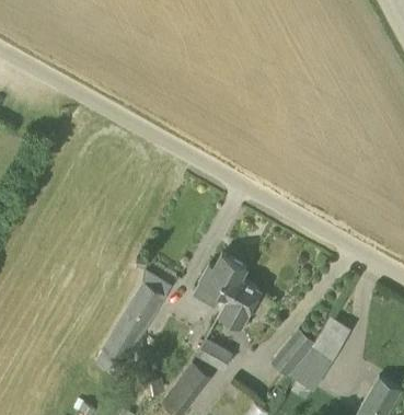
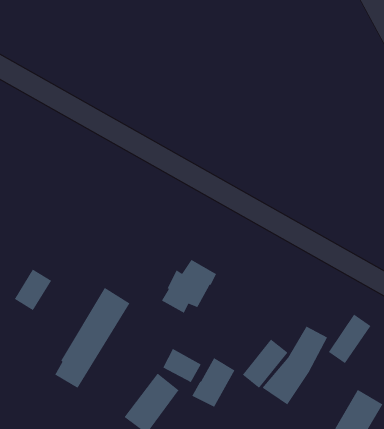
building: none -> [14,269,52,311]
building: [219,280,261,327] -> [191,357,236,408]
building: none -> [328,314,371,364]

